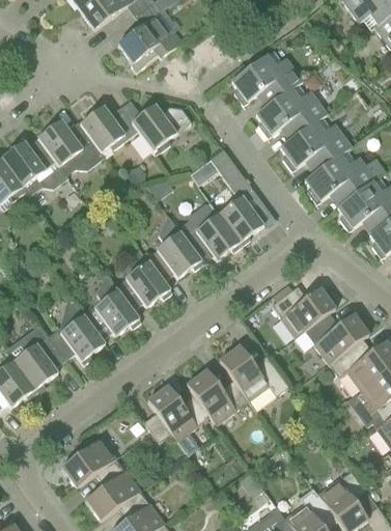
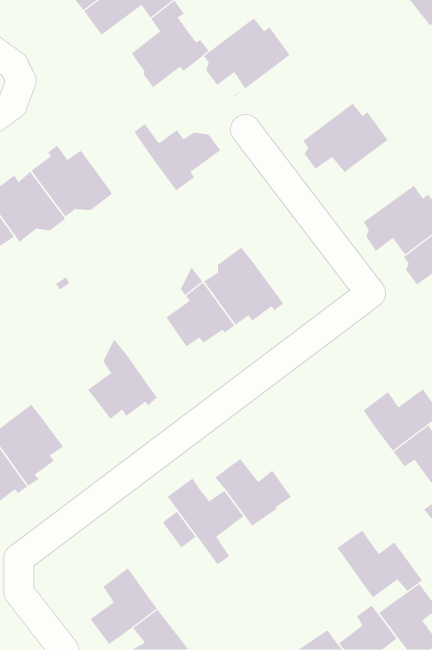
building: [231,50,302,114] -> [203,18,290,97]
building: [80,103,137,151] -> none
building: [280,113,351,179] -> none
building: [210,148,273,245] -> none
building: [115,256,171,309] -> none
building: [271,287,335,338] -> none
building: [47,299,104,364] -> none
building: [219,345,288,400] -> [337,530,423,598]
building: [61,437,116,487] -> none

